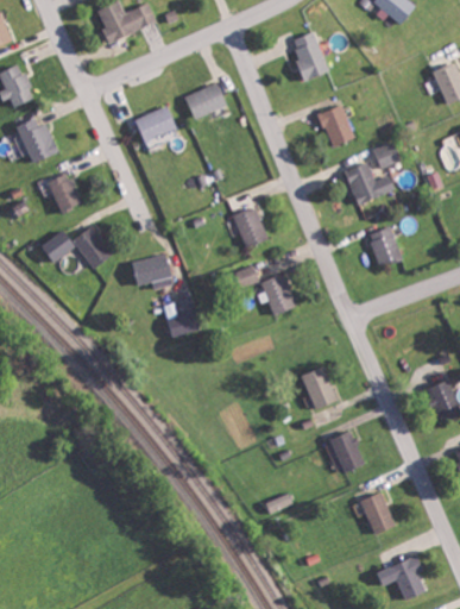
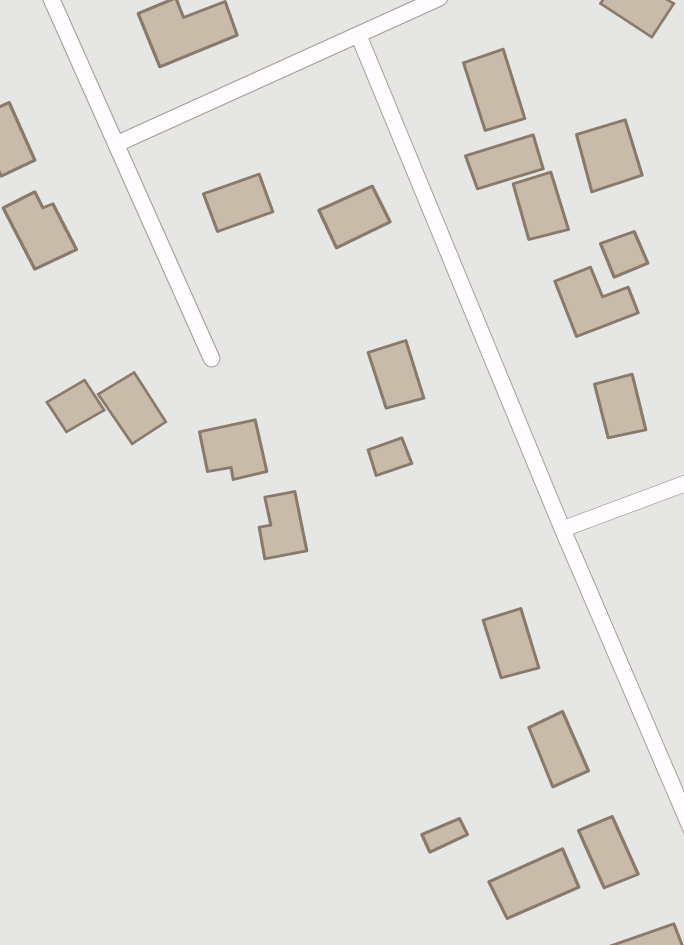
building: none -> [576,120,642,192]
building: [184,82,227,119] -> [319,186,390,248]
building: none -> [465,135,543,189]
building: [46,172,81,212] -> none
building: [261,274,295,314] -> none
building: none -> [489,849,579,918]

